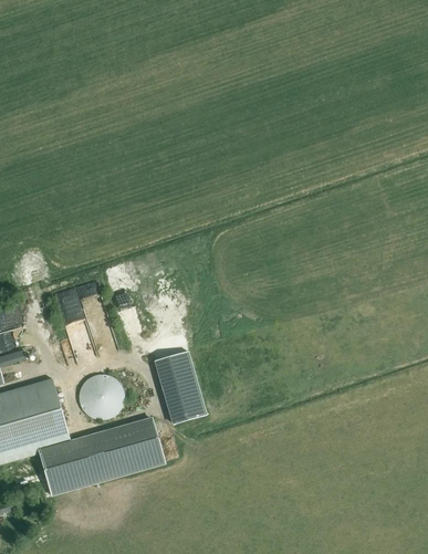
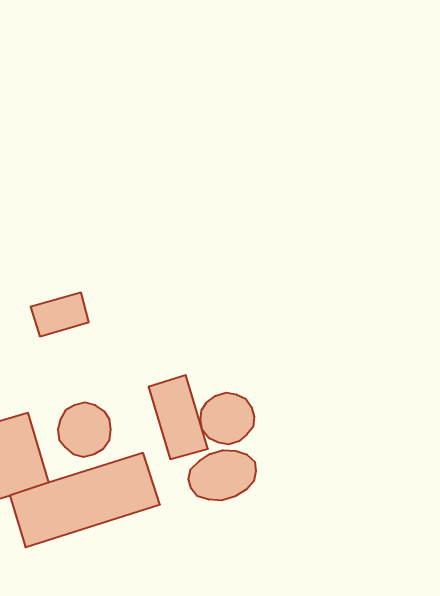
building: none -> [201,393,254,444]
building: none -> [188,450,256,500]

